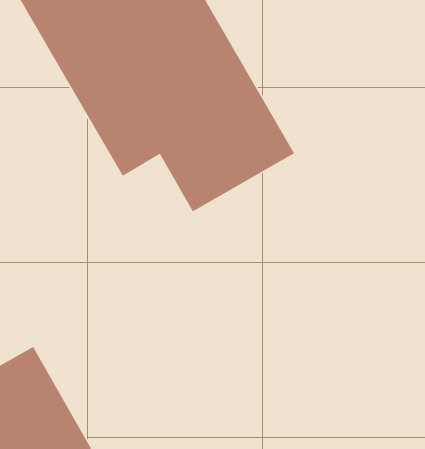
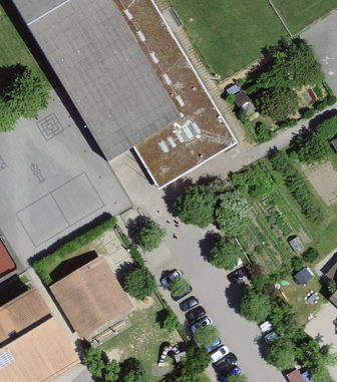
building: none -> [50,255,137,344]

